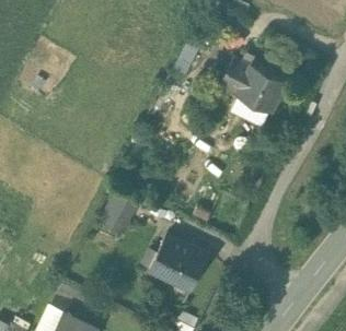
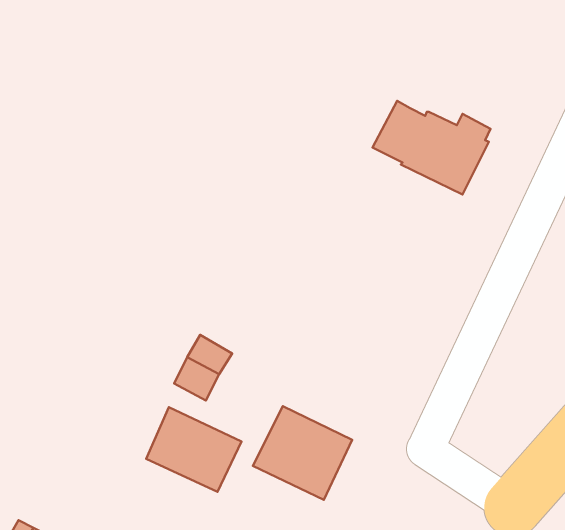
building: none -> [146,407,242,492]

